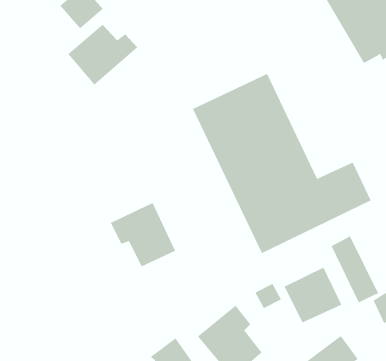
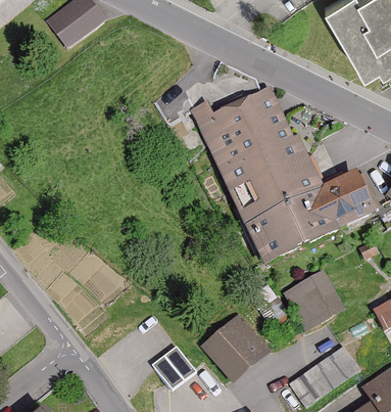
building: [67,24,138,86] -> none
building: [110,202,176,267] -> none
building: [331,235,379,303] -> none

